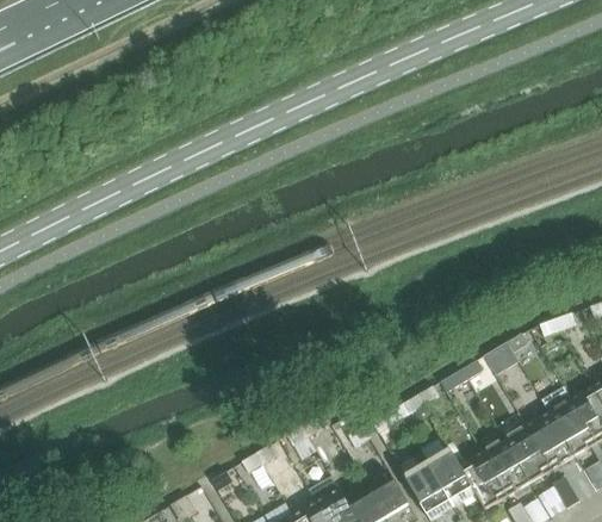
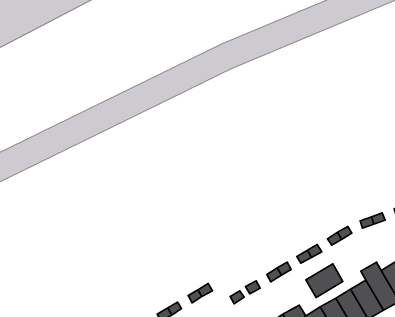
building: none -> [306,264,343,298]

